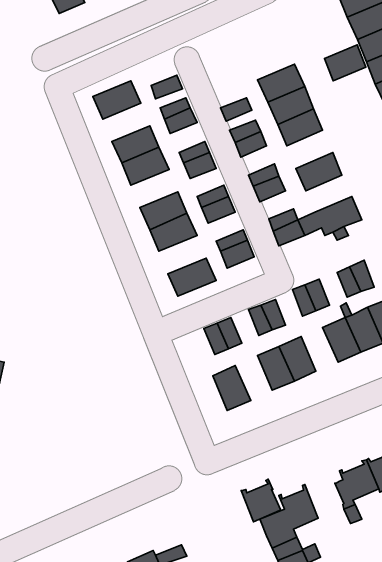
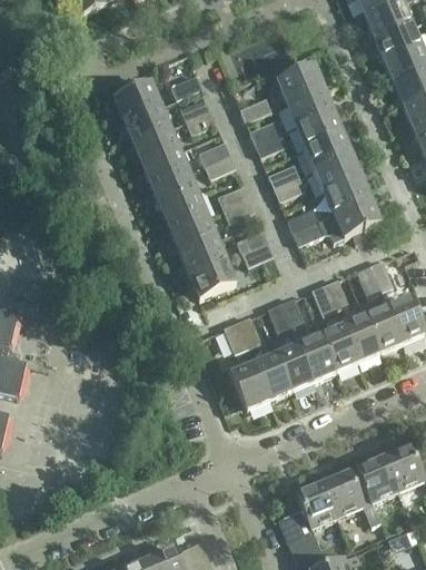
building: [324,45,366,81] -> none
building: none -> [122,104,169,141]
building: none -> [305,130,350,168]
building: none -> [150,169,197,207]
building: none -> [324,175,369,212]
building: none -> [178,235,225,273]
building: none -> [319,326,356,370]
building: none -> [254,354,290,399]
building: [241,479,281,522] -> [323,471,361,513]

